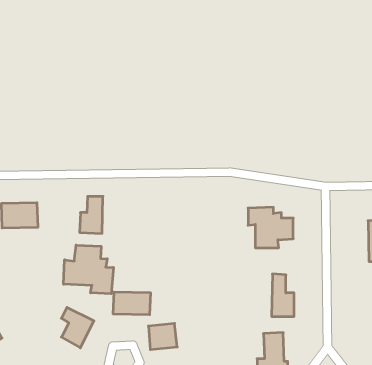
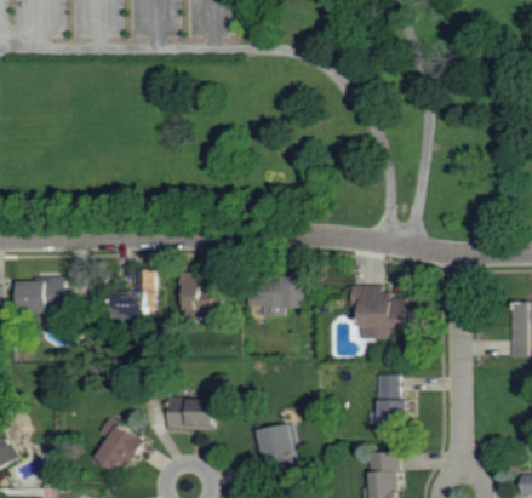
building: none -> [182,273,219,317]
building: none -> [251,280,303,316]
building: [64,245,113,294] -> none
building: [148,323,177,350] -> [256,425,294,460]

